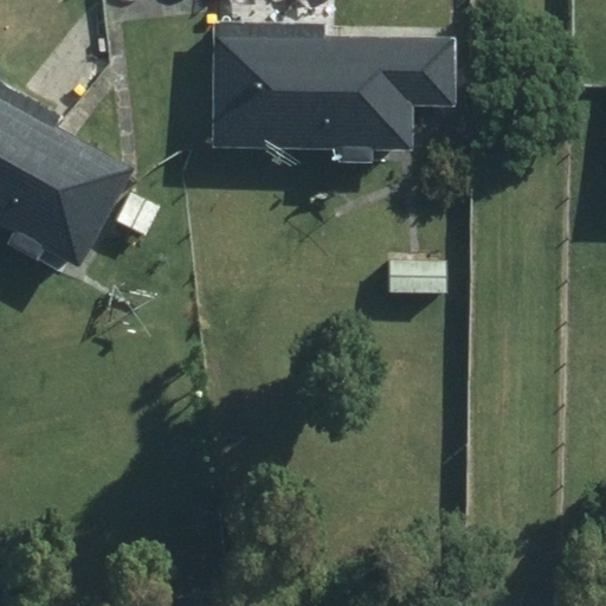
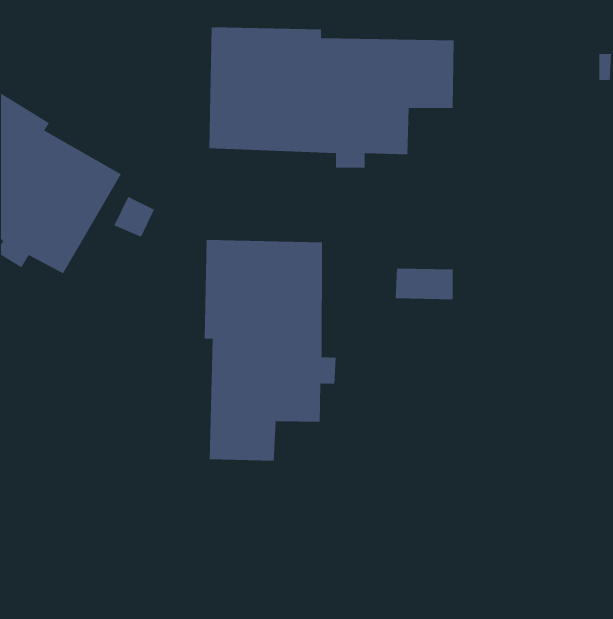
building: none -> [204,239,336,461]

